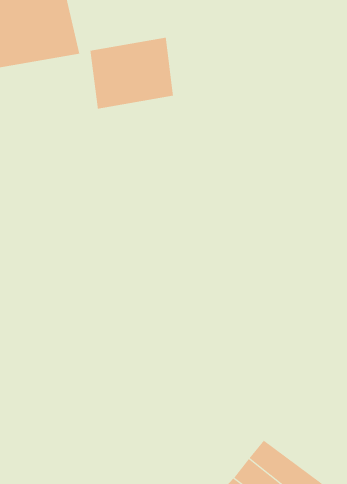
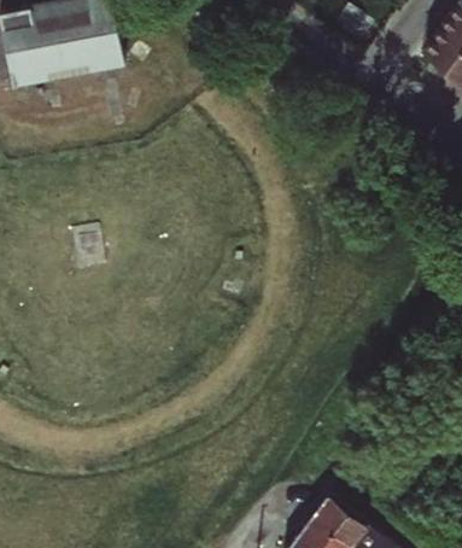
building: [90,37,174,109] -> none

